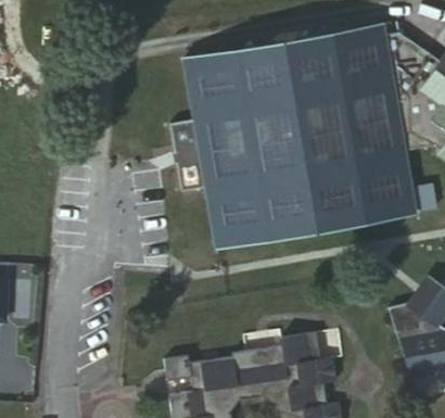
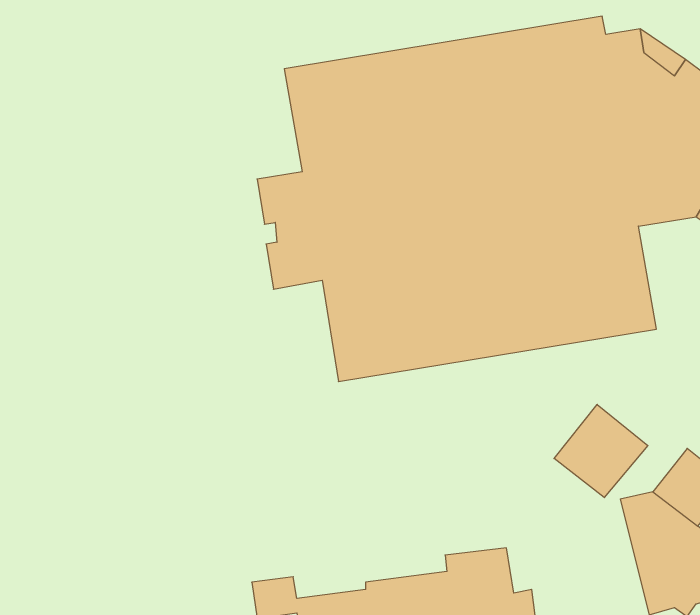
building: none -> [554,404,648,498]

